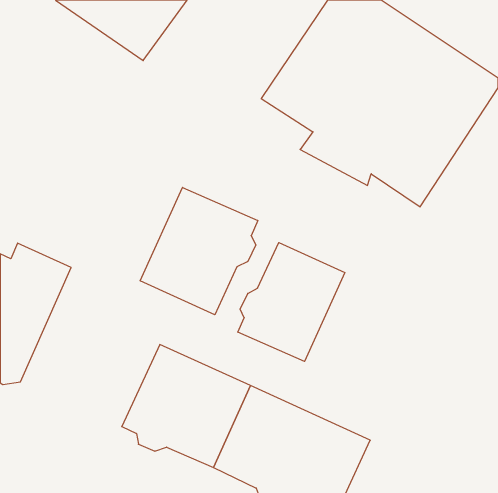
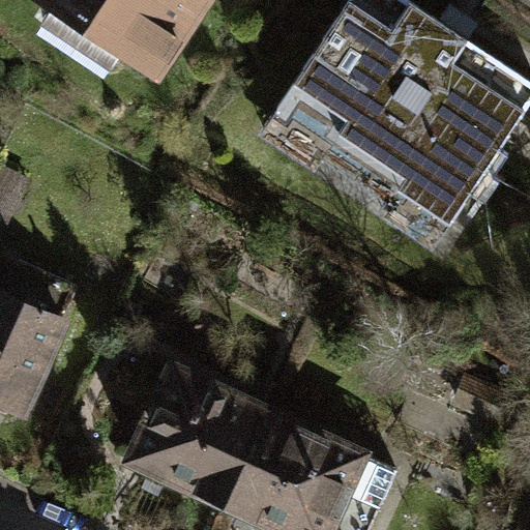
building: [140,187,258,315] -> none
building: [238,243,345,361] -> none

